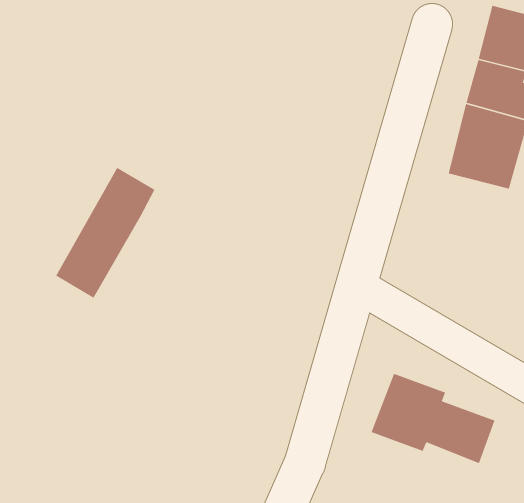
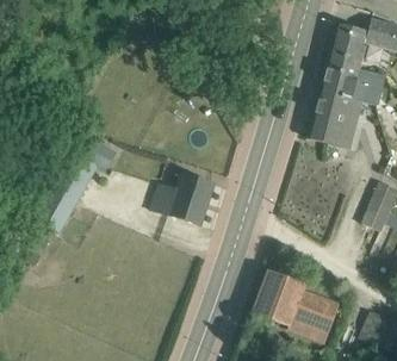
building: none -> [150,174,215,225]

